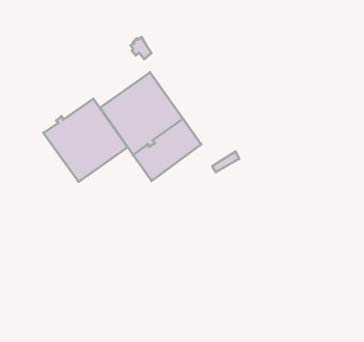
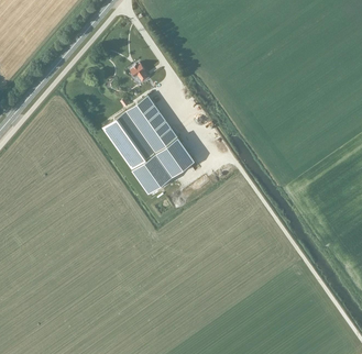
building: [43,99,128,182] -> none

